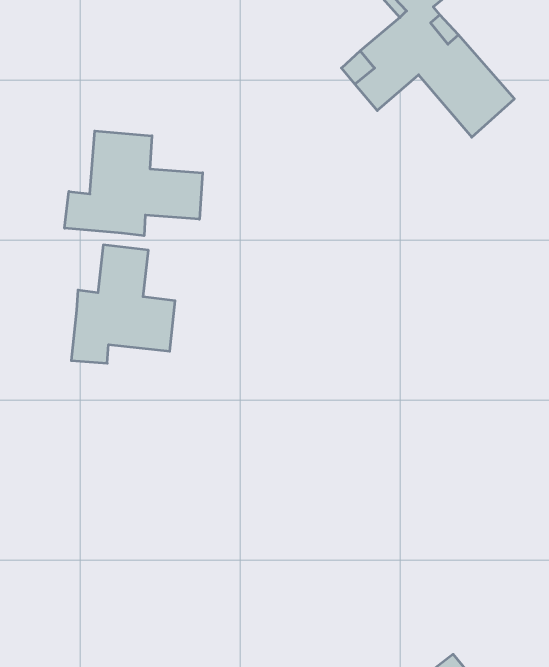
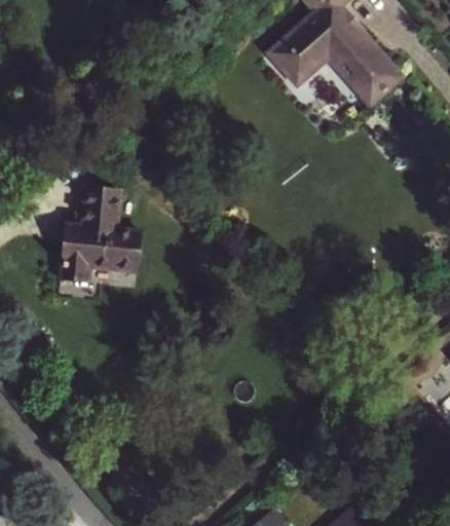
building: [65,131,203,236] -> none

